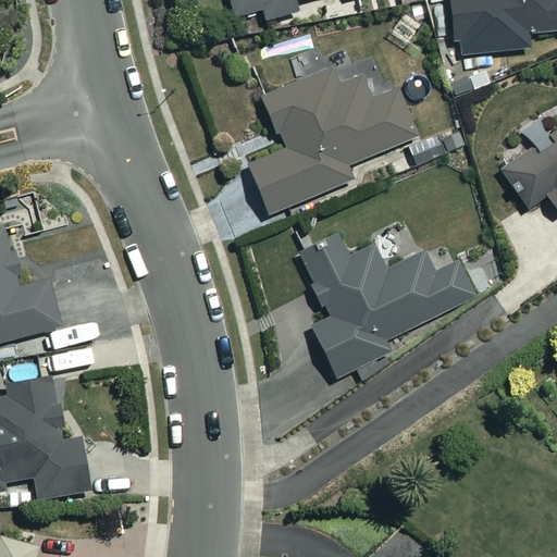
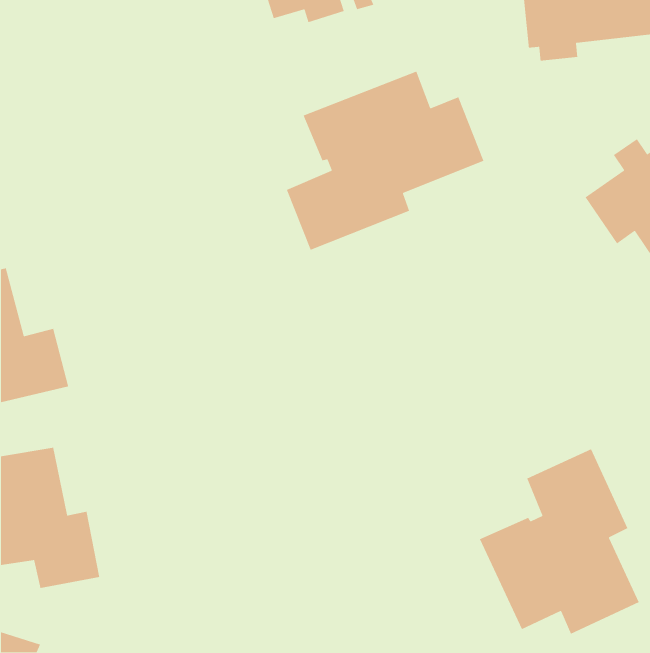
building: [299,235,481,377] -> none
building: none -> [479,448,640,635]

